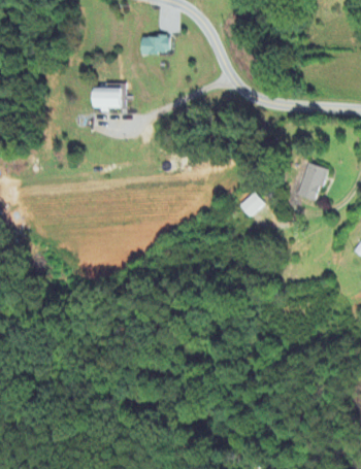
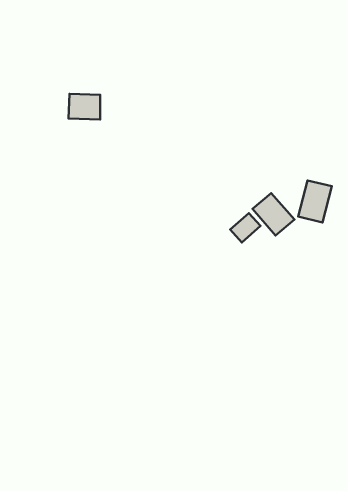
building: [142,36,170,53] -> none
building: none -> [252,193,294,235]

